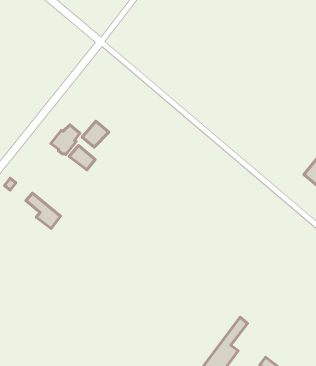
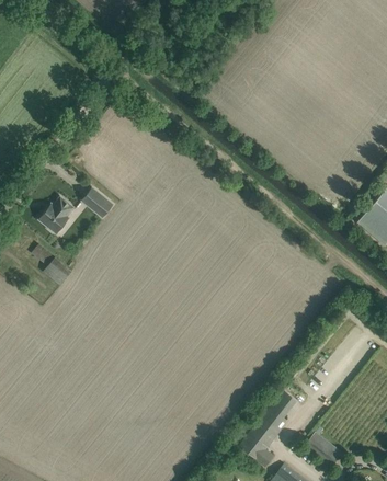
building: [82,121,109,147] -> none
building: [51,125,80,155] -> [38,197,72,232]

